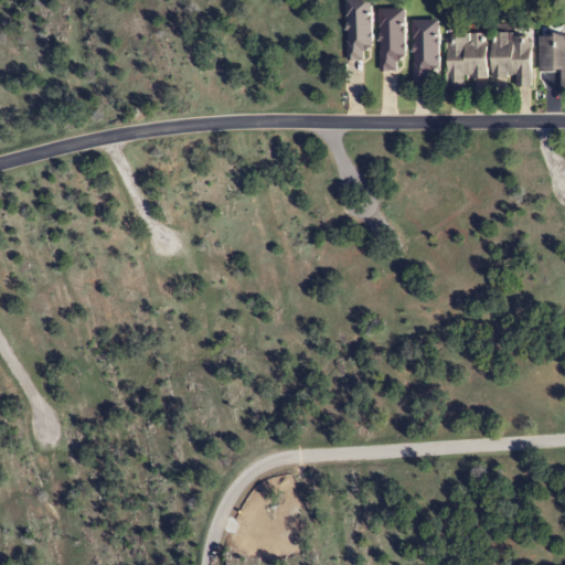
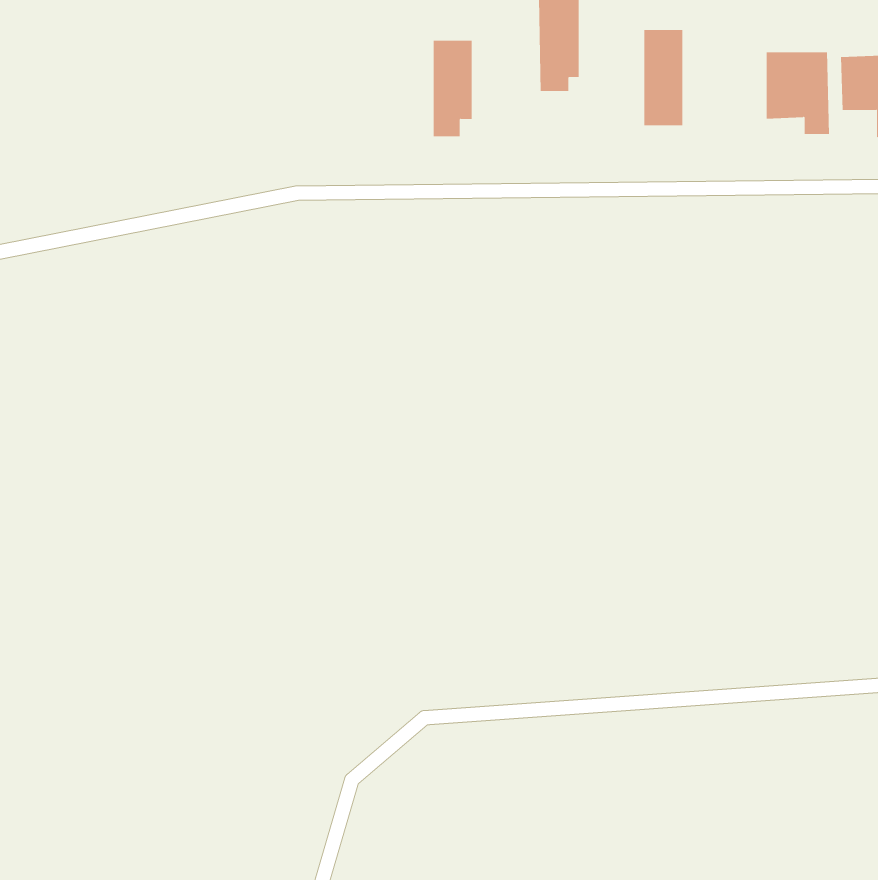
building: [381,8,406,70] -> [433,40,473,137]
building: [447,34,488,87] -> none

